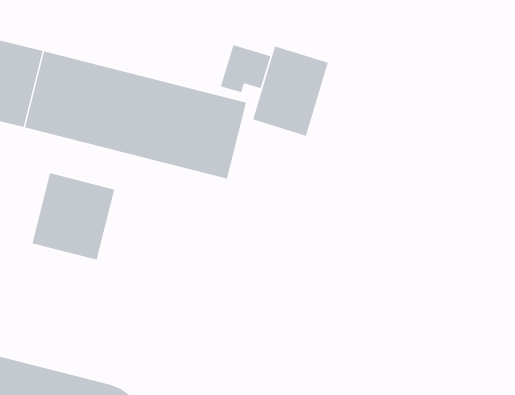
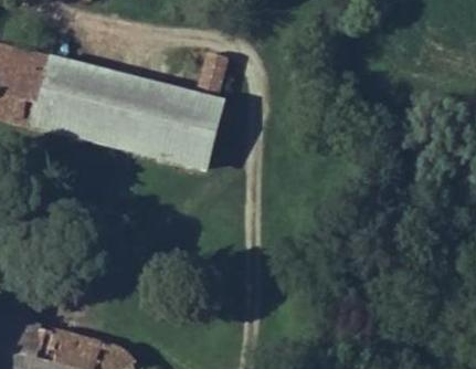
building: [252,45,329,137] -> none
building: [31,172,115,261] -> none

